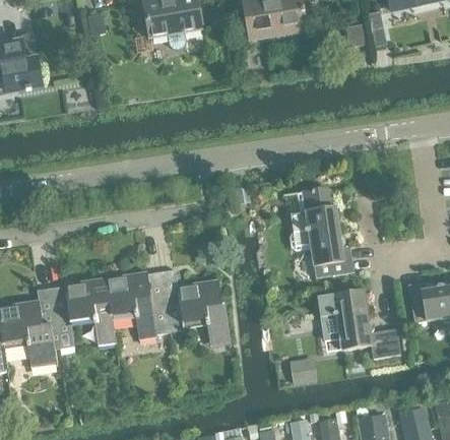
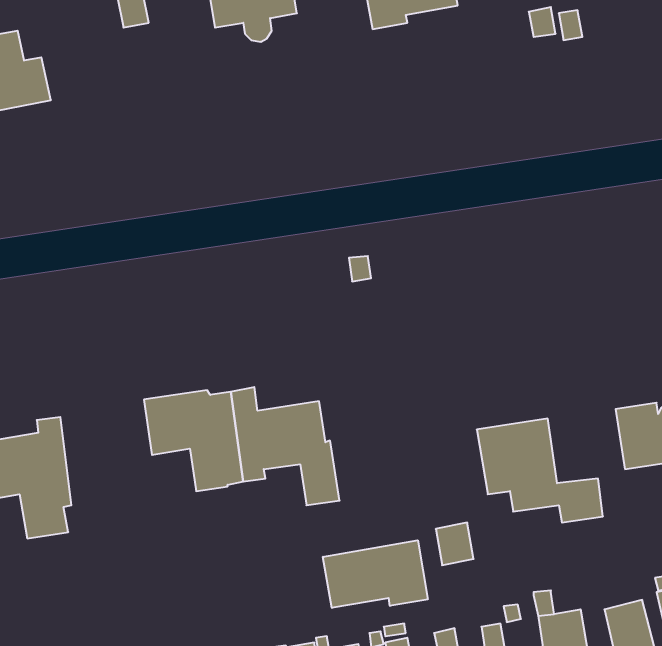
building: [290,189,353,278] -> none
building: [50,278,113,347] -> none
building: none -> [323,540,428,608]

